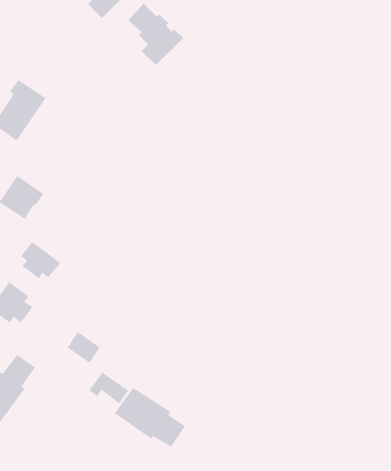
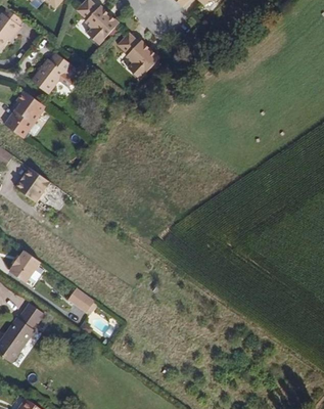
building: none -> [26,53,67,92]
building: [21,241,61,279] -> none
building: [114,387,186,447] -> none

